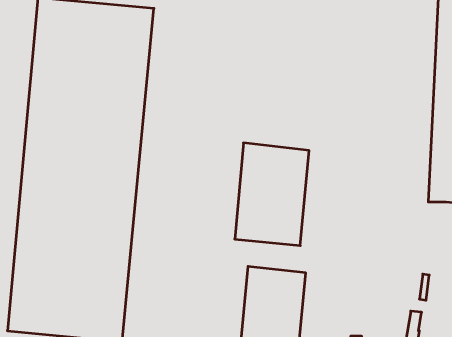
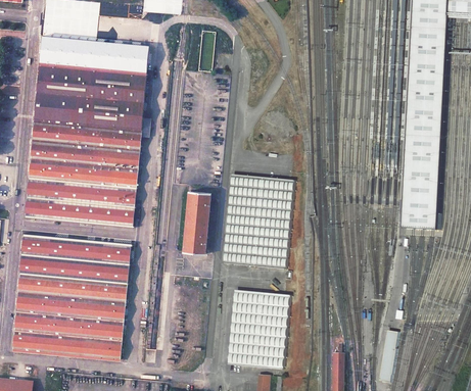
building: none -> [181,189,209,252]

